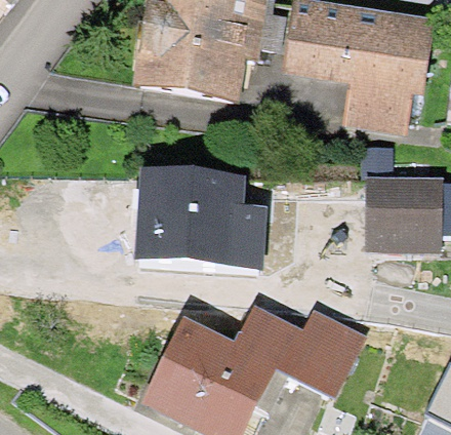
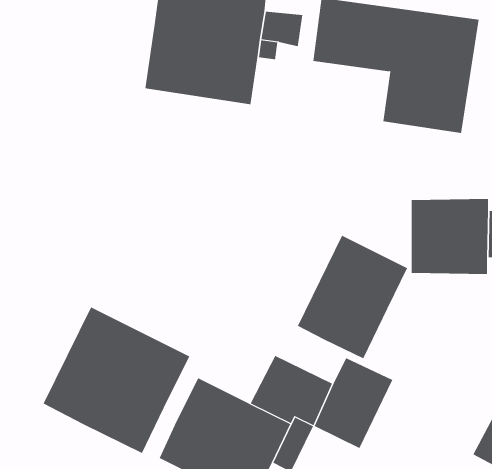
building: [140,176,259,266] -> none
building: none -> [297,235,408,359]
building: none -> [43,306,190,454]

